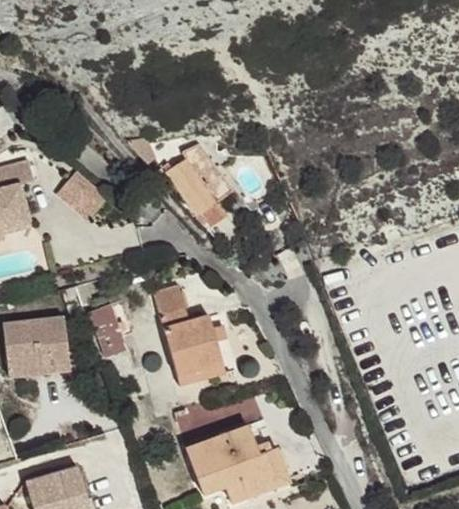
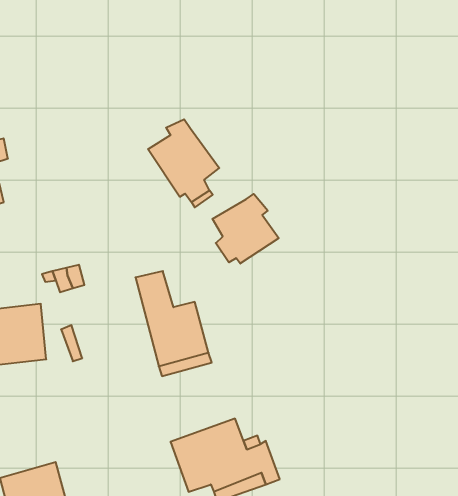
building: [57,171,106,220] -> none
building: none -> [212,194,279,264]
building: [87,303,127,357] -> none

